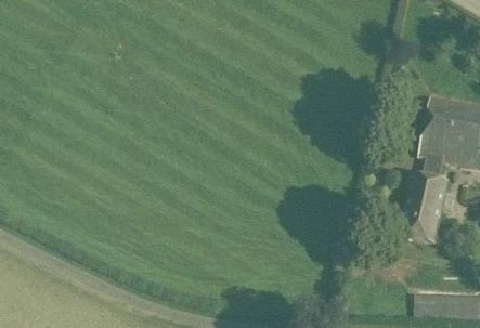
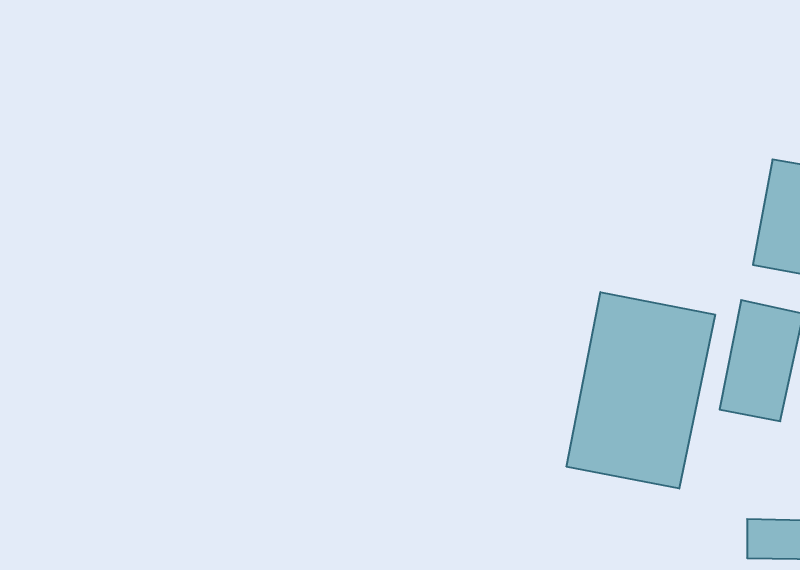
building: none -> [567,292,715,489]

